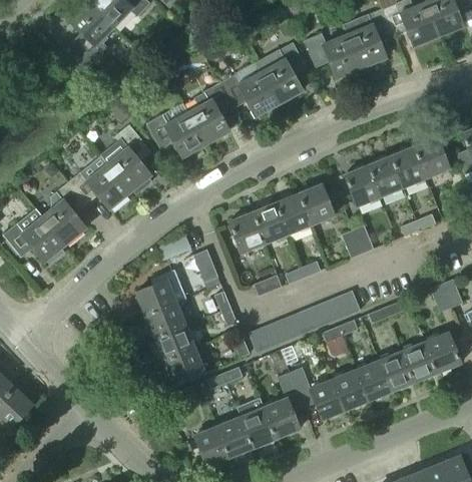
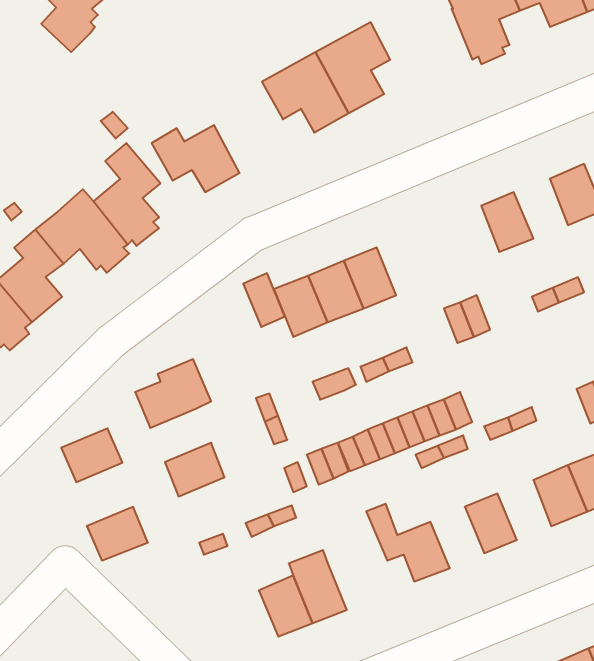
building: [305,32,361,77] -> none
building: [187,82,233,143] -> none
building: [389,147,425,187] -> none
building: [343,165,379,205] -> none
building: [297,183,334,225] -> none
building: [190,249,218,285] -> [243,273,285,327]
building: [144,302,185,338] -> [61,428,122,482]
building: [163,348,204,384] -> [87,507,148,560]
building: [378,350,414,390] -> none
building: [333,368,369,409] -> none
building: [264,371,304,437] -> none
building: [194,424,230,465] -> none

